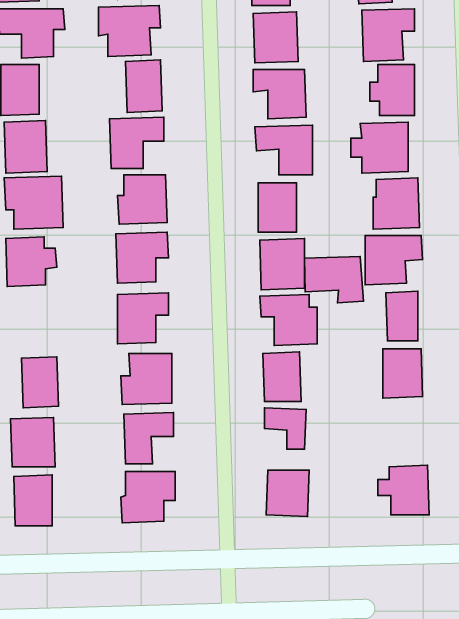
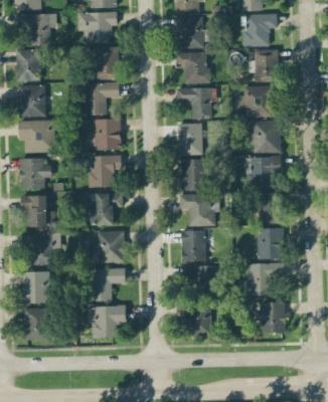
building: [305,256,363,303] -> none
building: none -> [20,195,54,226]
building: none -> [244,263,284,295]

